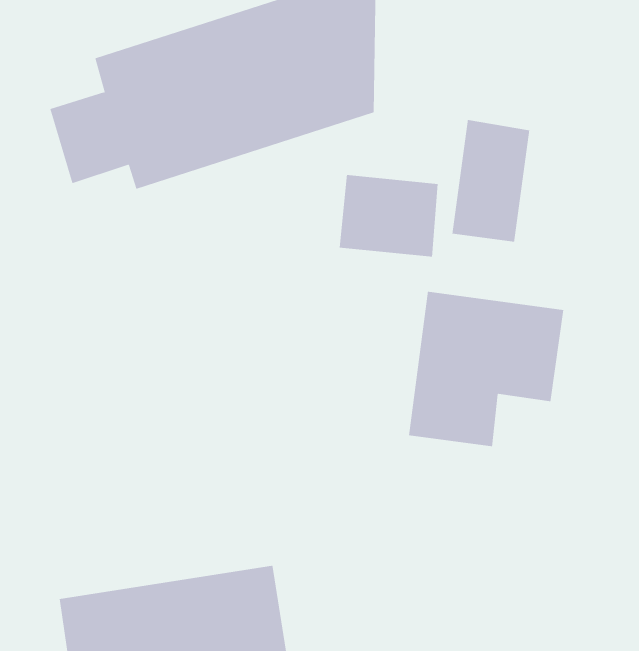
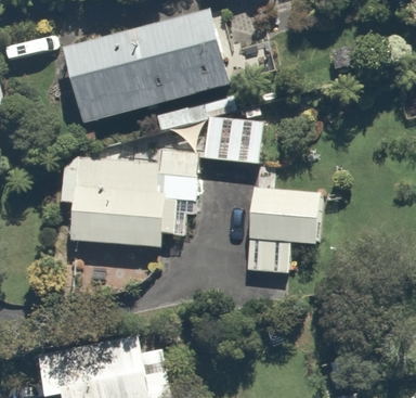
building: [452,119,530,243] -> none
building: none -> [60,146,200,245]

